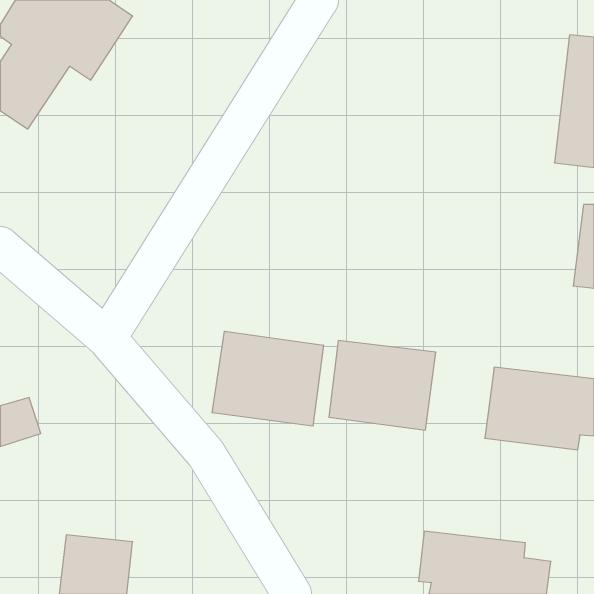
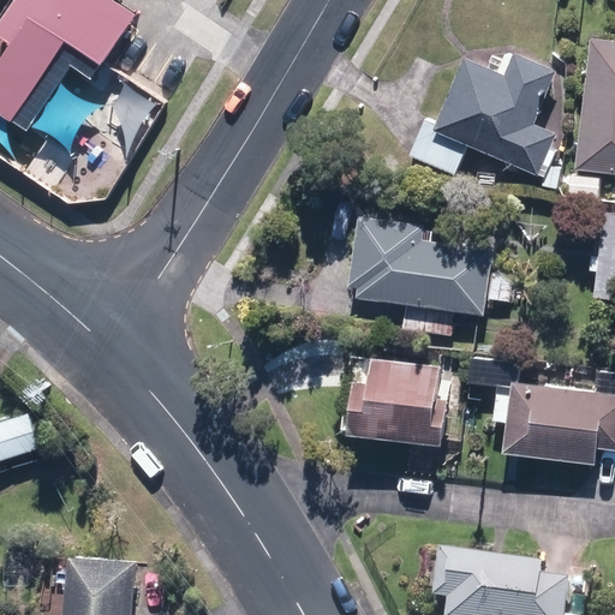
building: none -> [407,48,556,177]
building: none -> [346,215,494,316]
building: [212,331,323,426] -> none

